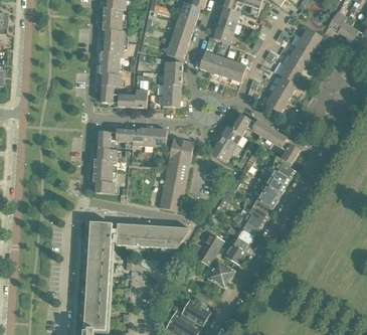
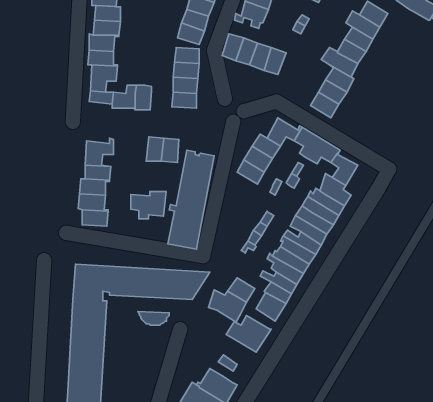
building: [120,127,146,147] -> [131,192,166,219]

